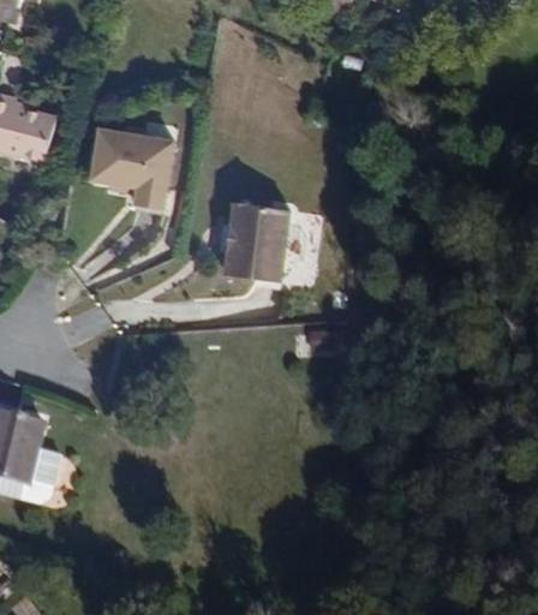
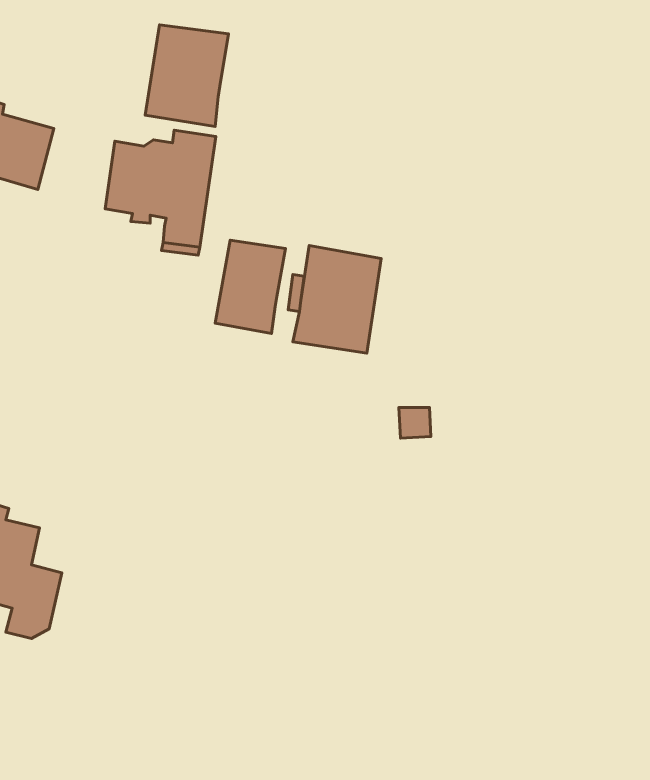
building: none -> [145,25,229,126]
building: none -> [215,240,286,334]

